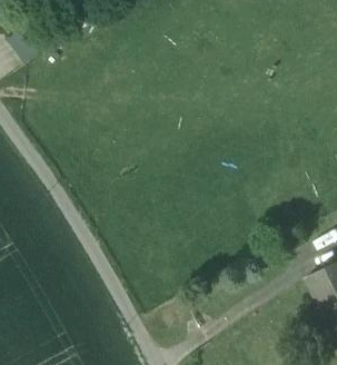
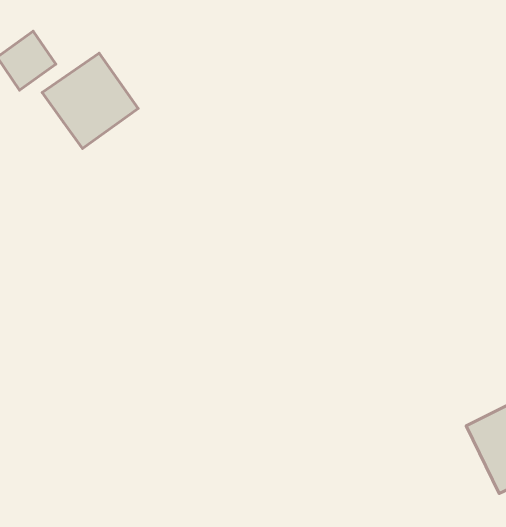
building: none -> [42,53,138,149]

